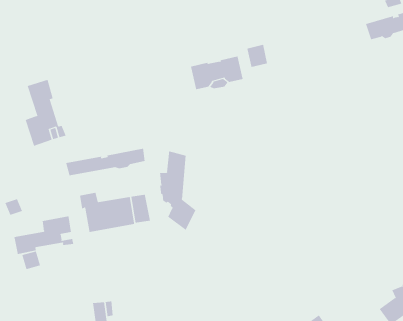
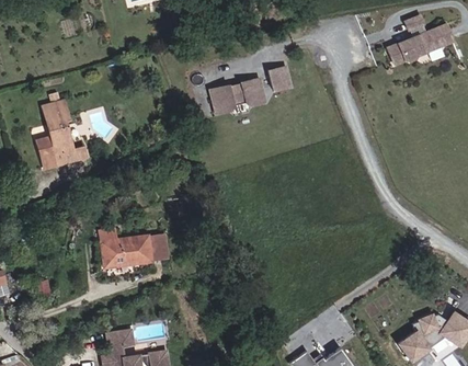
building: [66,148,145,176] -> none
building: [160,151,196,231] -> none
building: [14,216,74,255] -> none

